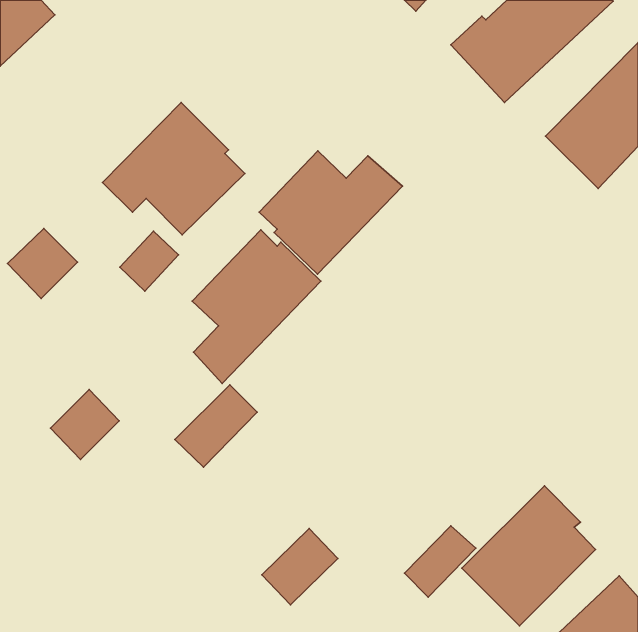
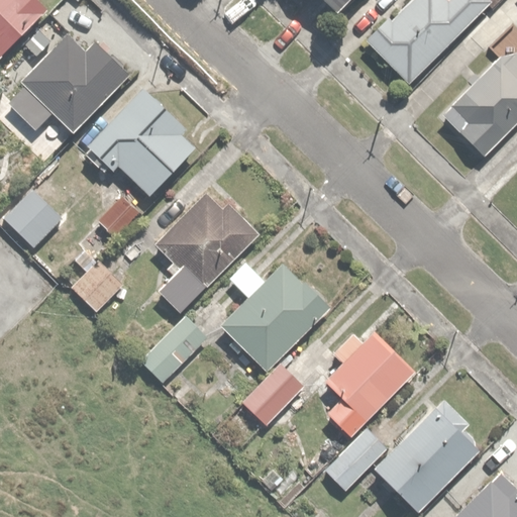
building: none -> [8,32,131,131]
building: [259,151,403,274] -> none
building: none -> [221,261,331,370]
building: [50,390,119,460] -> [72,254,127,311]
building: none -> [323,331,416,435]
building: [262,529,338,605] -> [241,364,303,425]

